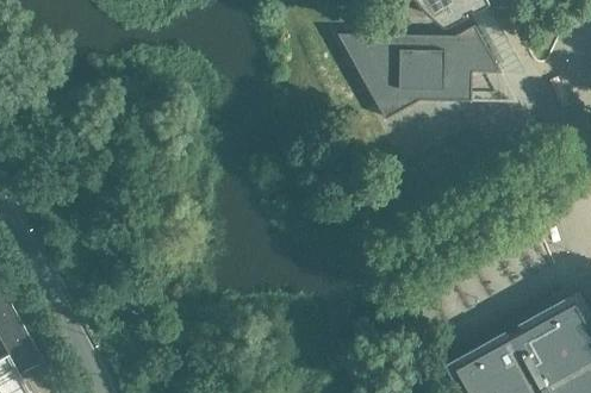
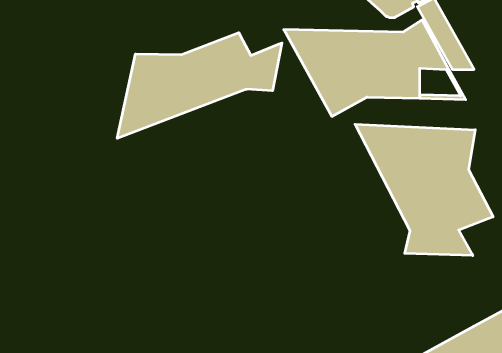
building: none -> [117,33,282,138]
building: none -> [355,124,493,256]

